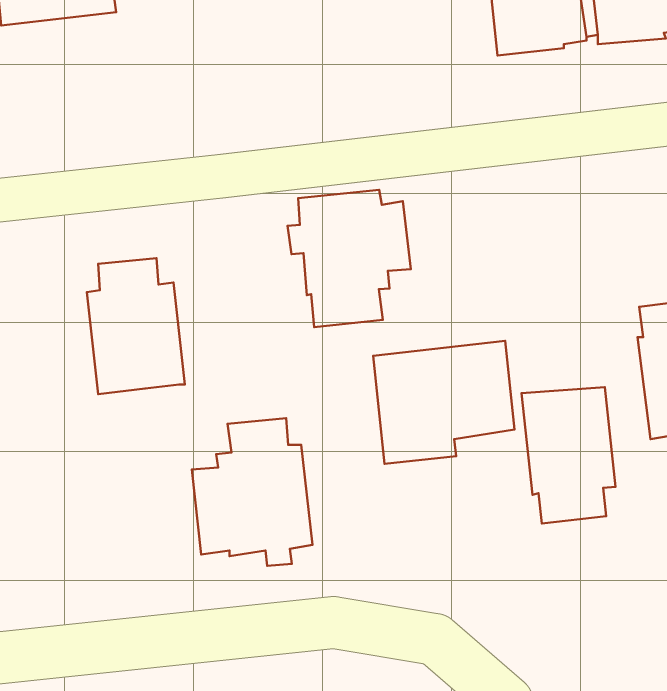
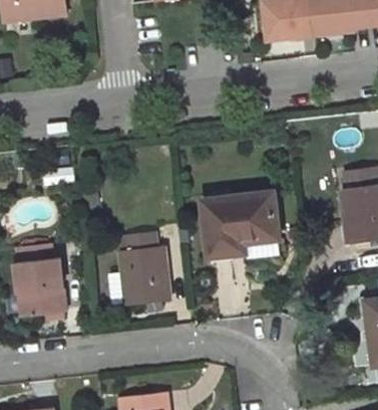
building: [288,190,411,327] -> none
building: [87,258,185,394] -> [15,244,67,317]
building: [521,387,616,523] -> none

